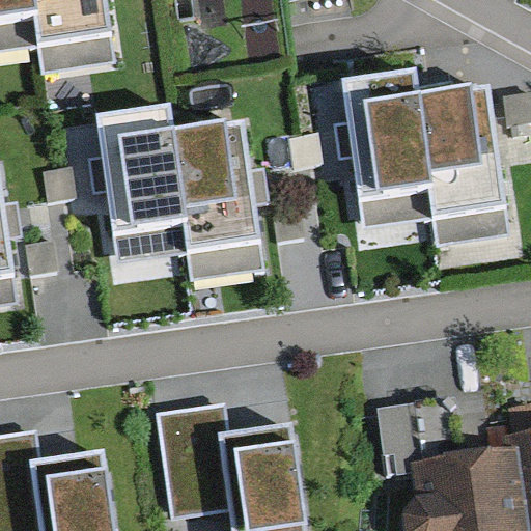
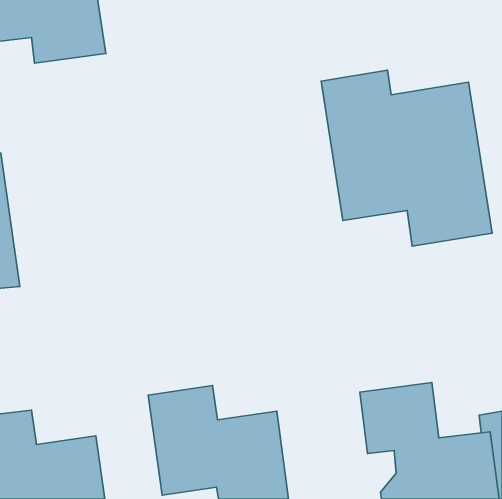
building: [94,109,269,278] -> none

